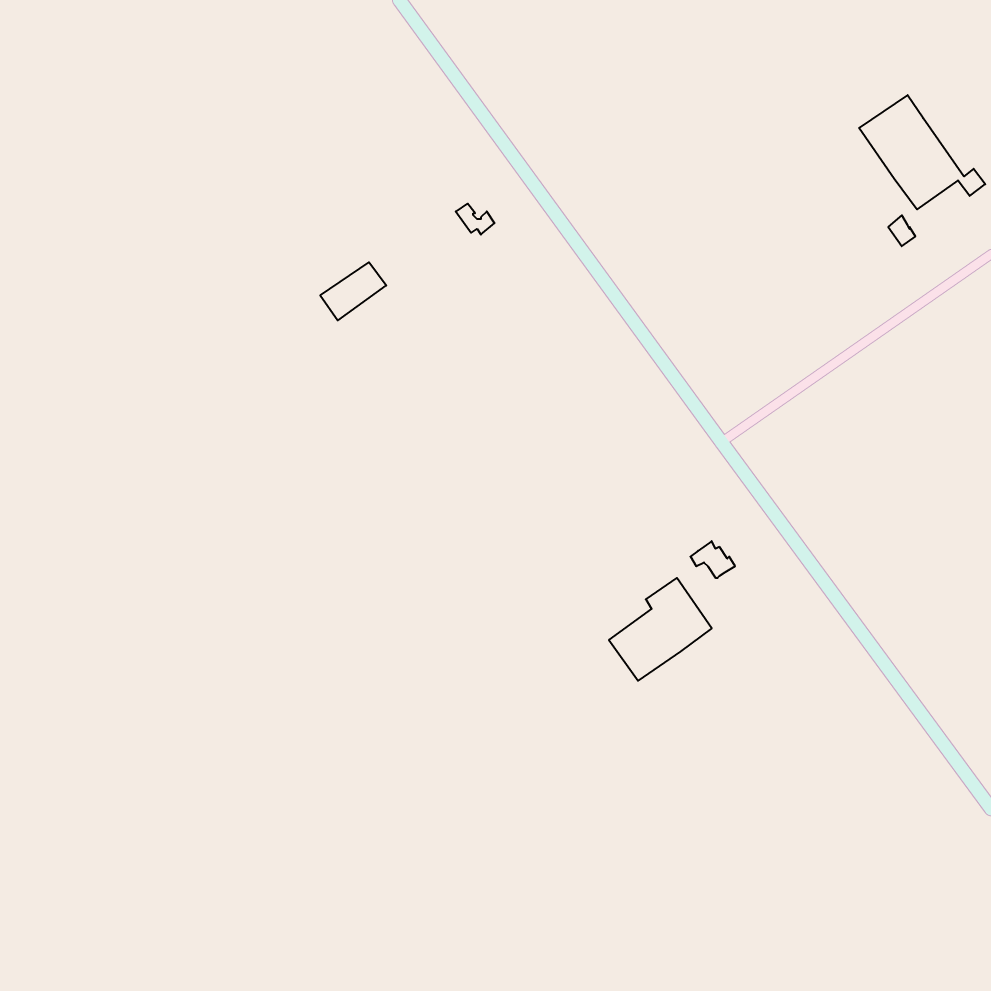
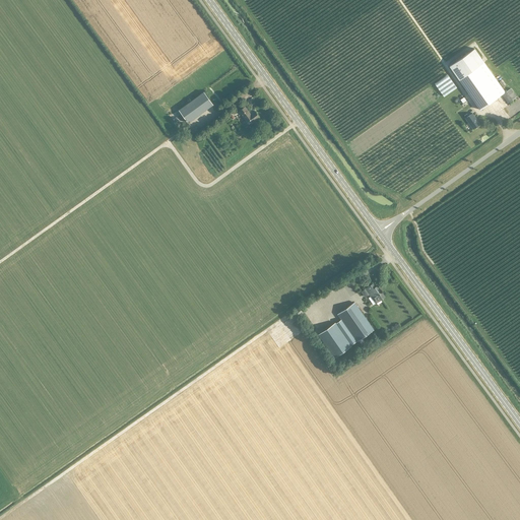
building: [320,262,386,320] -> [179,92,213,123]

